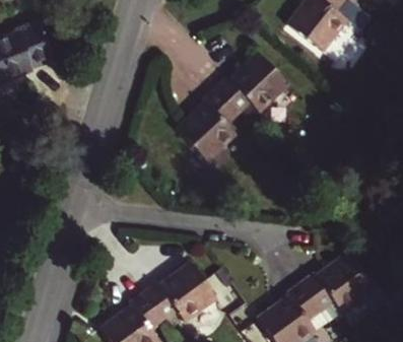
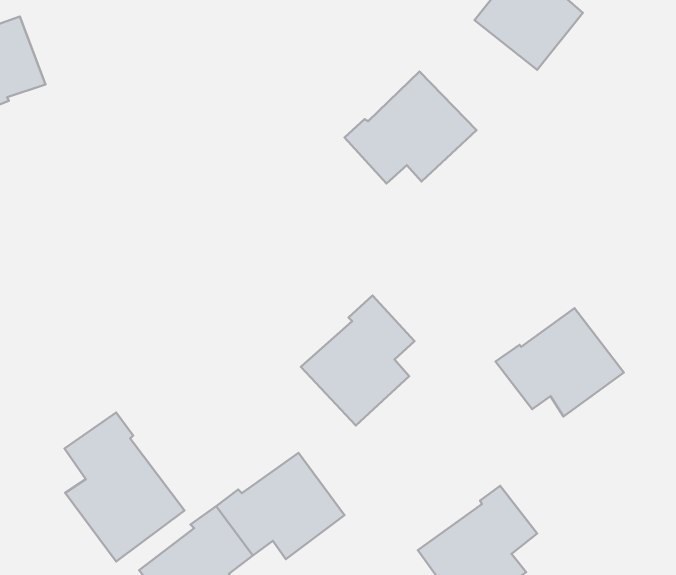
building: [178,89,241,161] -> [301,295,415,426]
building: none -> [65,412,184,561]
building: [304,253,375,313] -> [496,308,624,416]

